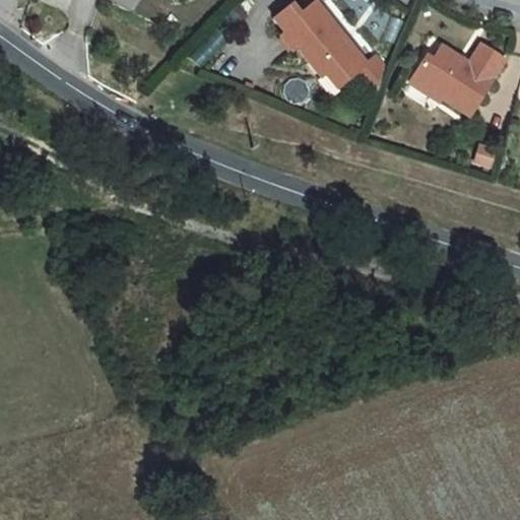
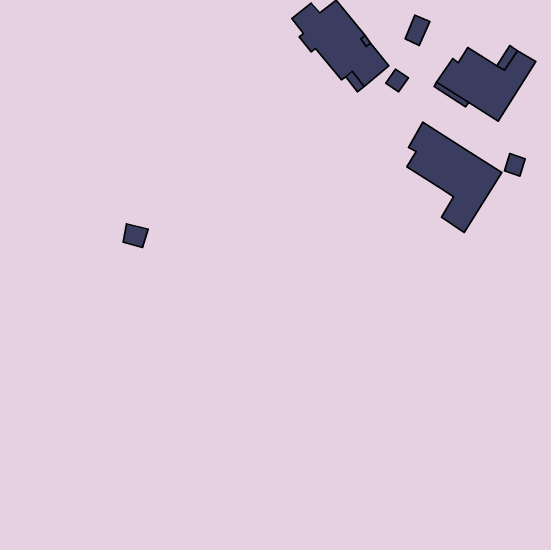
building: none -> [407,122,502,232]

